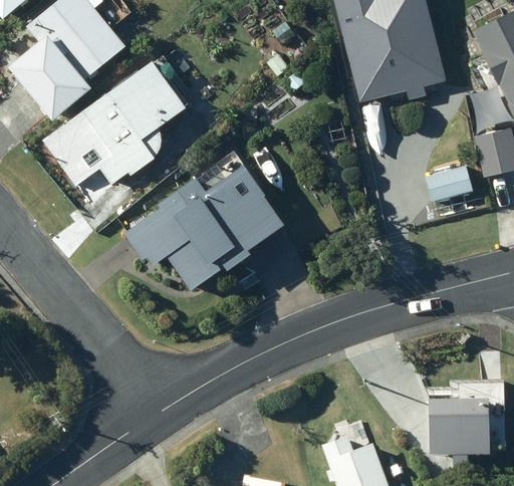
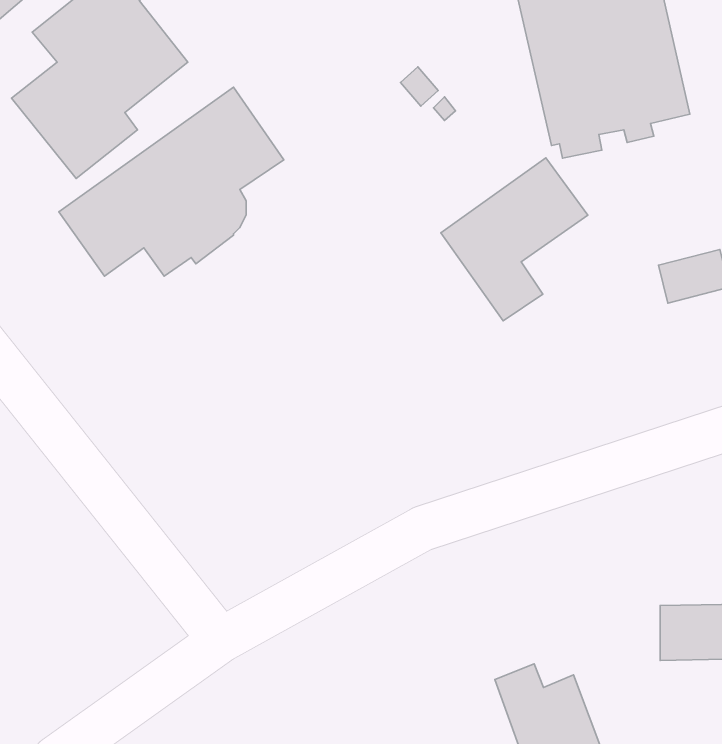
building: none -> [441,158,588,321]
building: [123,167,288,290] -> none

